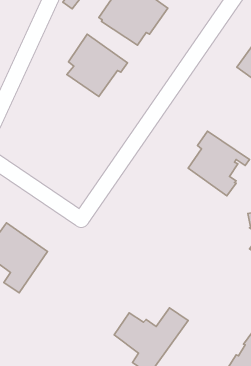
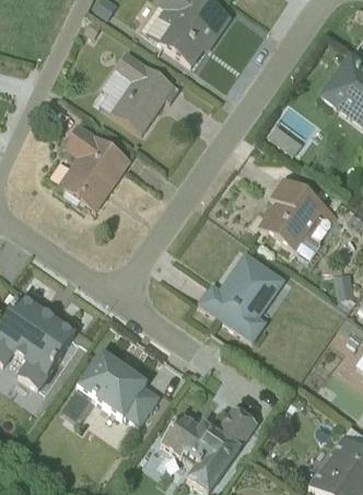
building: none -> [62,126,130,210]
building: none -> [201,255,284,340]
building: none -> [77,352,160,425]

